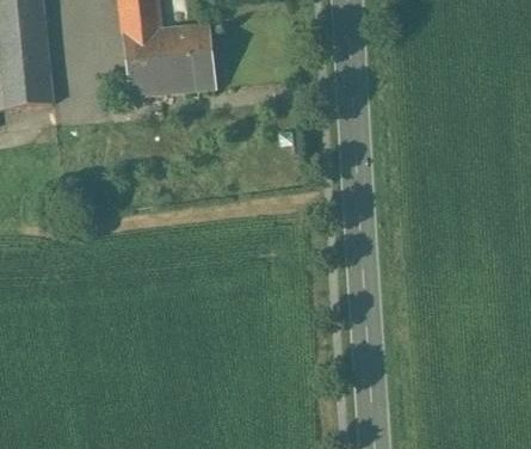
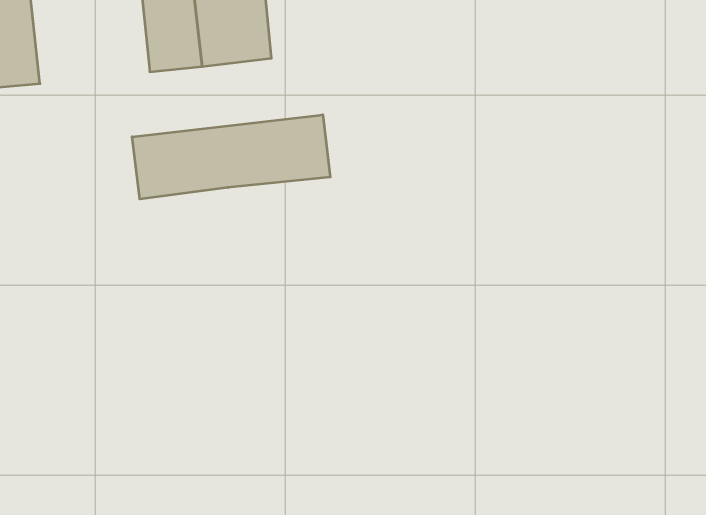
building: none -> [132,115,330,199]

